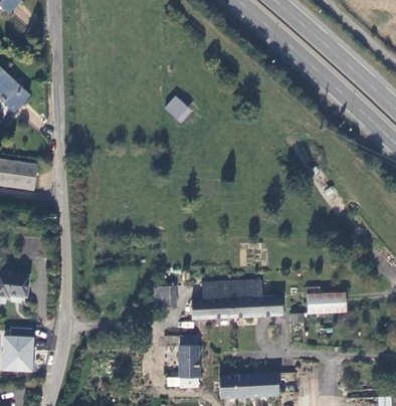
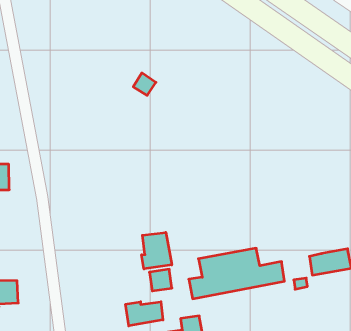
building: none -> [142,232,172,269]
building: none -> [126,302,163,326]

